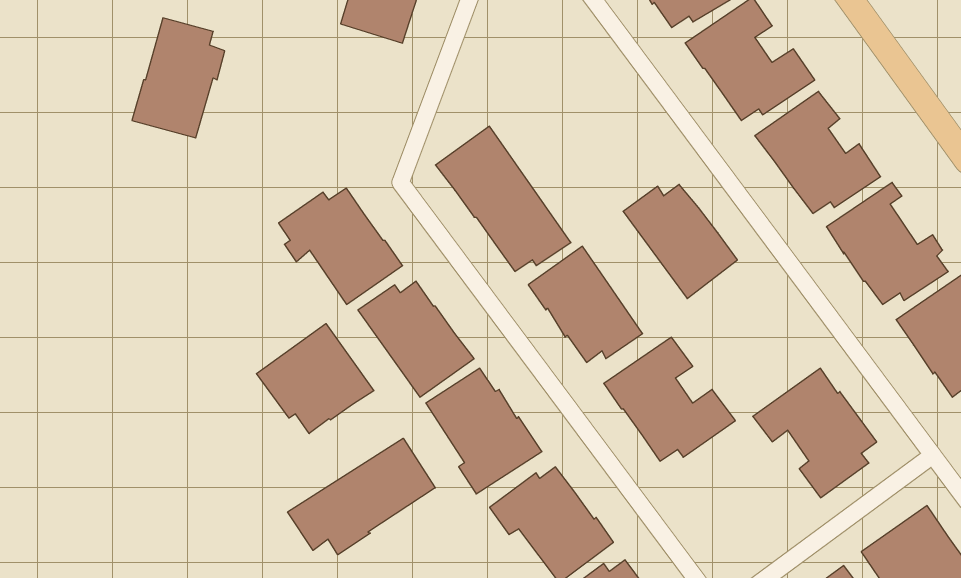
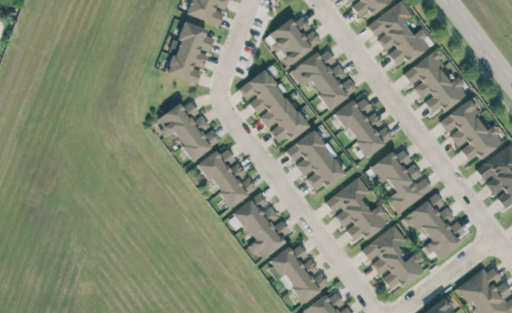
building: [132,18,225,138] -> [166,21,214,83]
building: none -> [265,15,321,67]
building: none -> [291,49,358,109]
building: none -> [371,149,433,213]
building: [256,324,374,434] -> none
building: none -> [361,225,425,290]
building: [288,438,435,555] -> none

